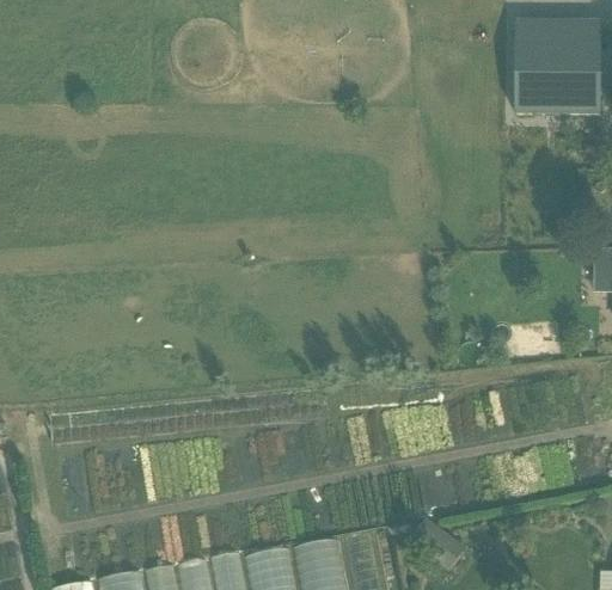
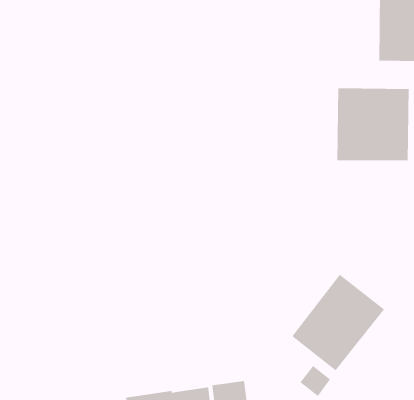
building: none -> [337,87,409,161]
building: none -> [291,274,385,371]

